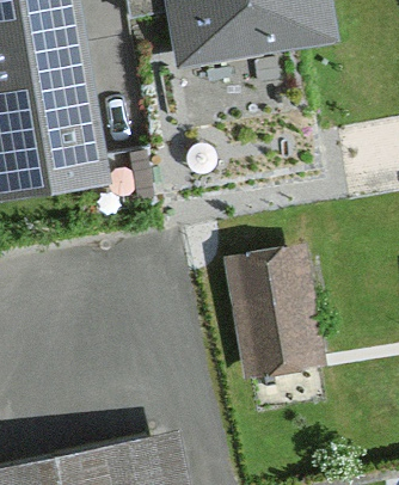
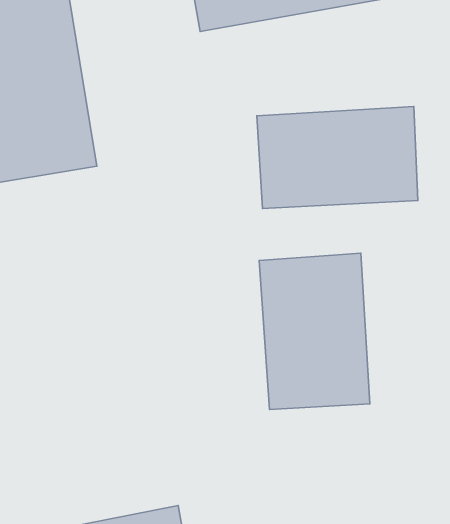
building: none -> [257,107,418,208]

